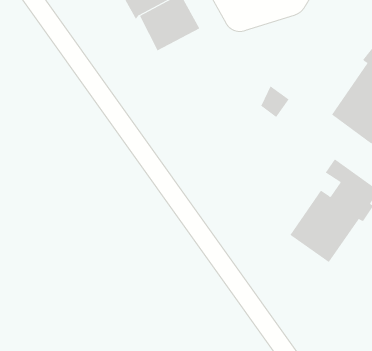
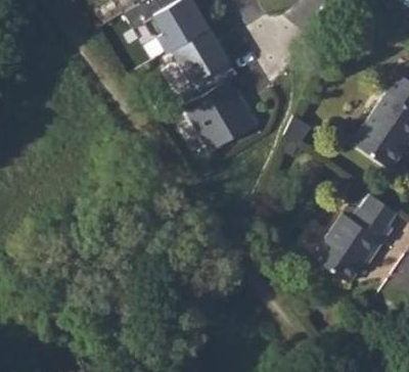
building: none -> [182,79,257,151]

